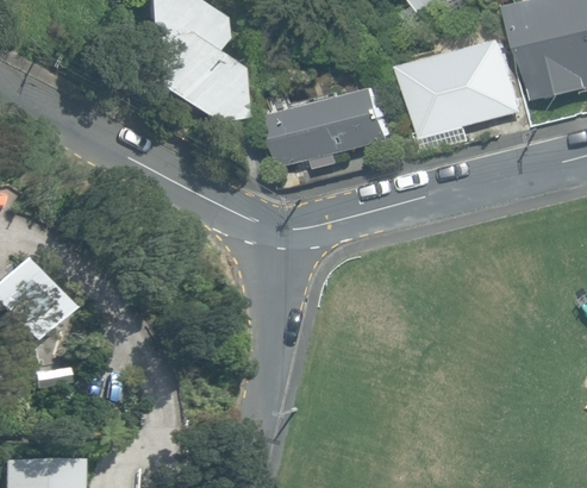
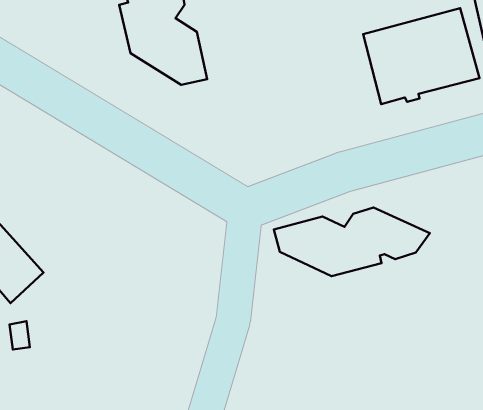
building: [271,83,401,187] -> none
building: none -> [274,208,430,276]

